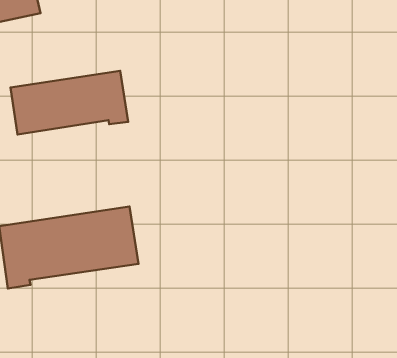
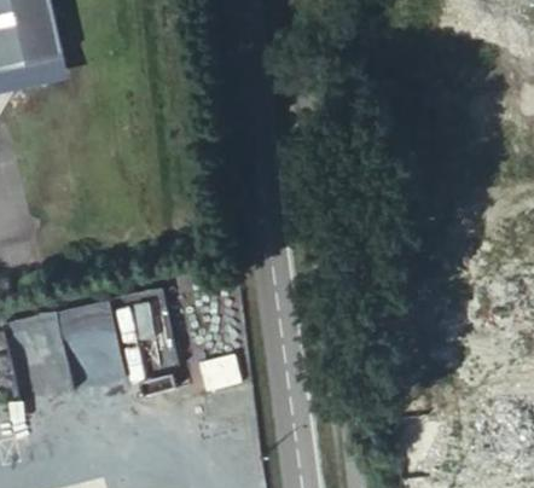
building: [11,71,128,135] -> none

